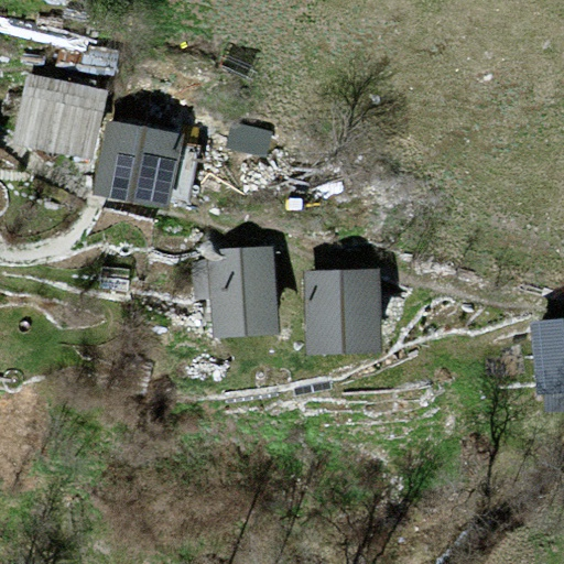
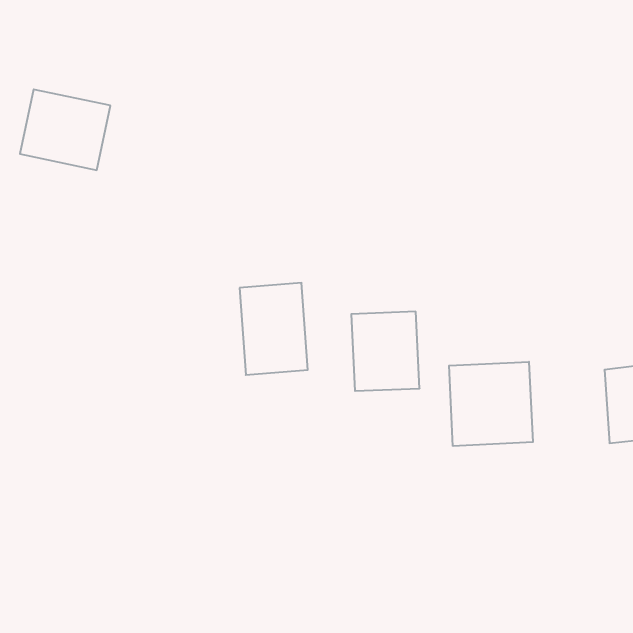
building: [98,121,177,208] -> none
building: none -> [449,362,533,446]

